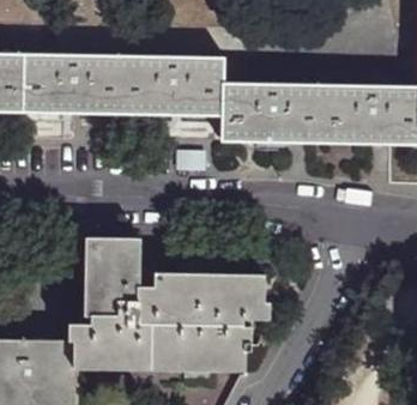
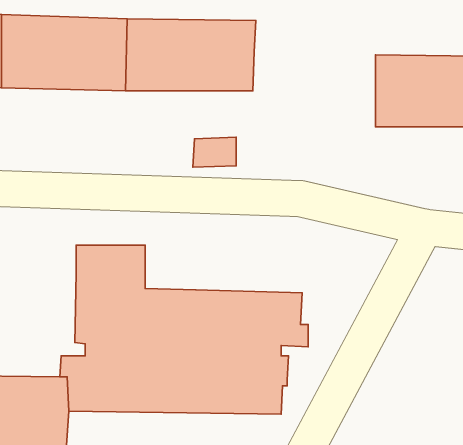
building: [224,83,322,143] -> none

